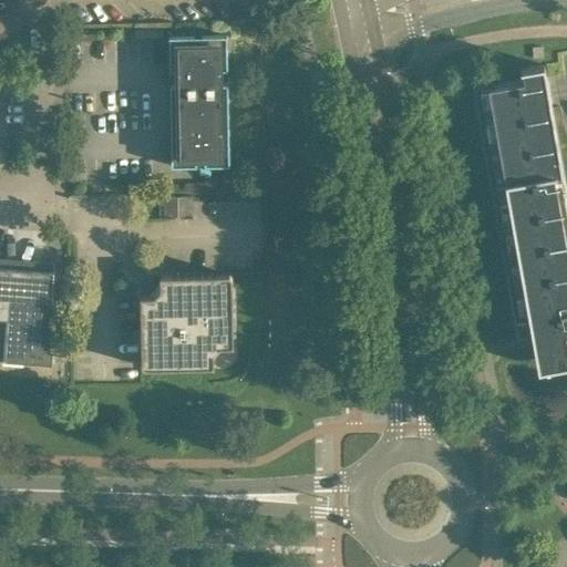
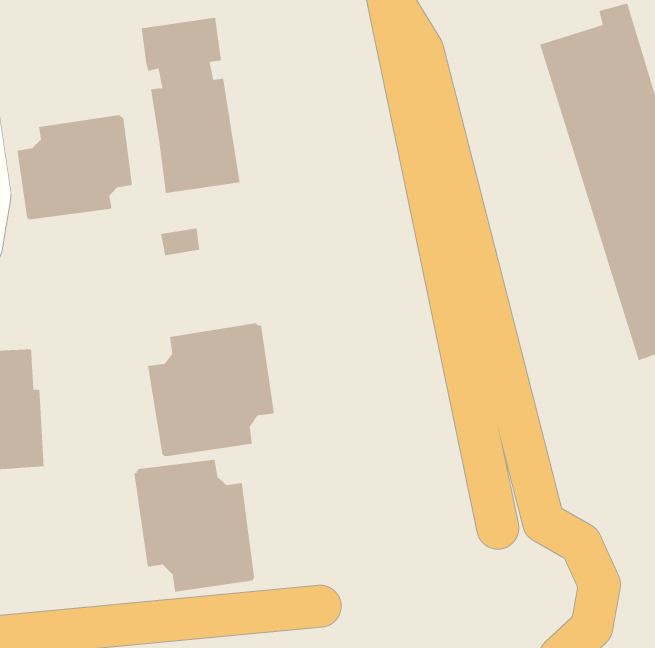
building: none -> [16,114,133,220]
building: none -> [134,459,255,593]

